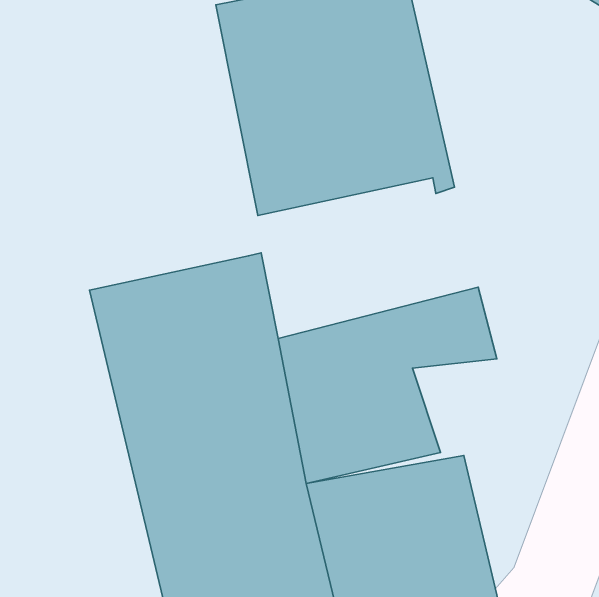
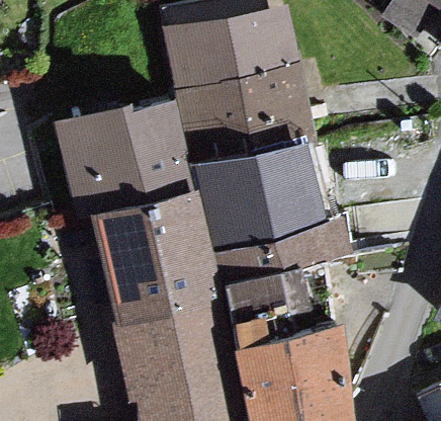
building: none -> [62,97,188,215]
building: none -> [194,142,328,243]

